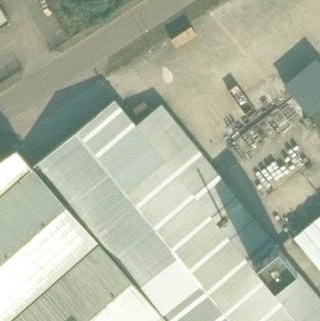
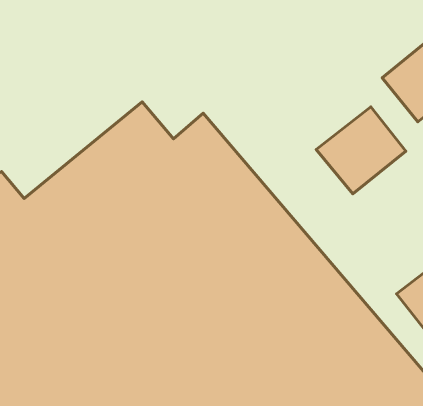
building: none -> [316,107,406,194]

